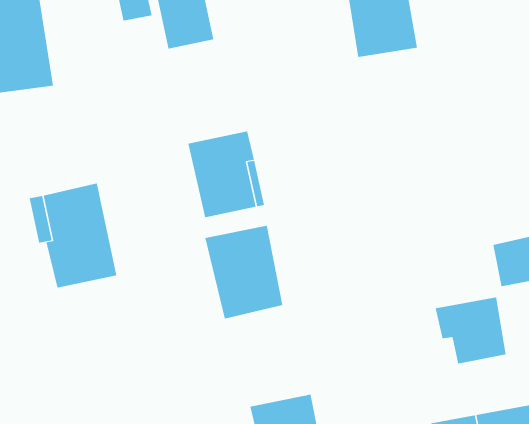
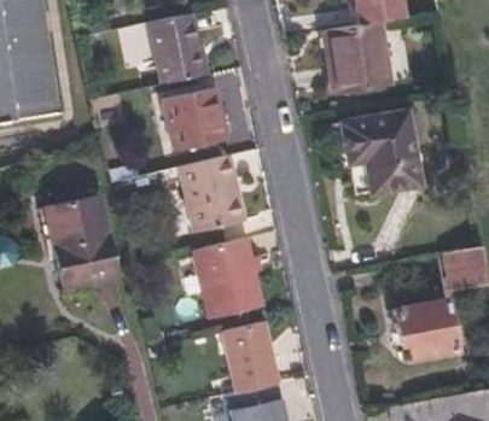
building: none -> [167,87,234,153]
building: none -> [336,112,413,194]
building: none -> [220,318,280,392]

